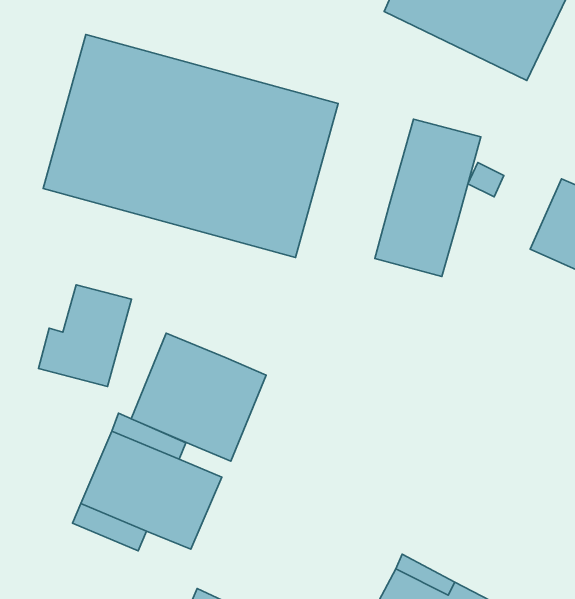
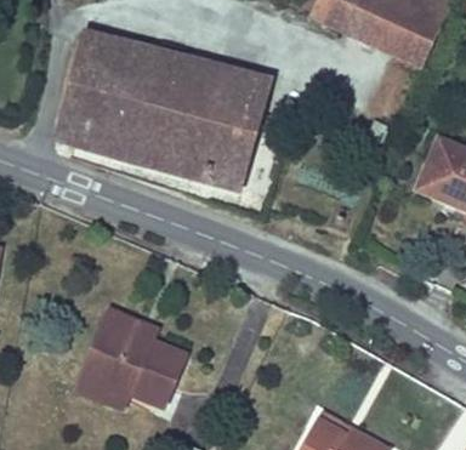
building: [375,119,481,276] -> none
building: [39,285,131,387] -> none
building: [131,333,266,461] -> none

